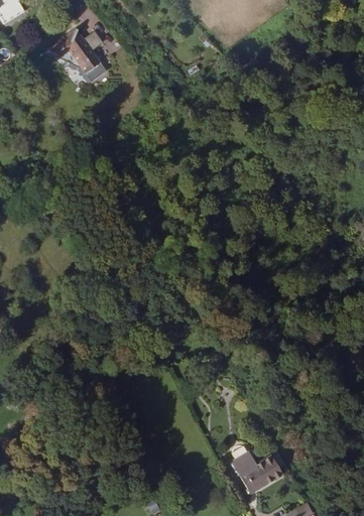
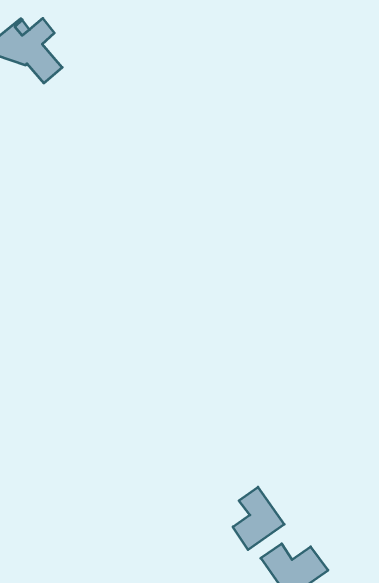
building: none -> [233,487,284,550]

